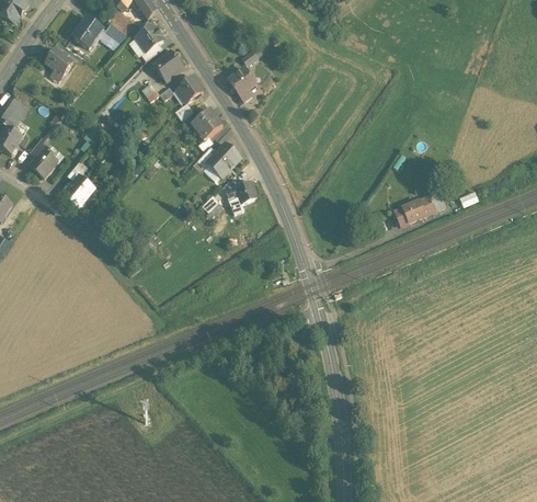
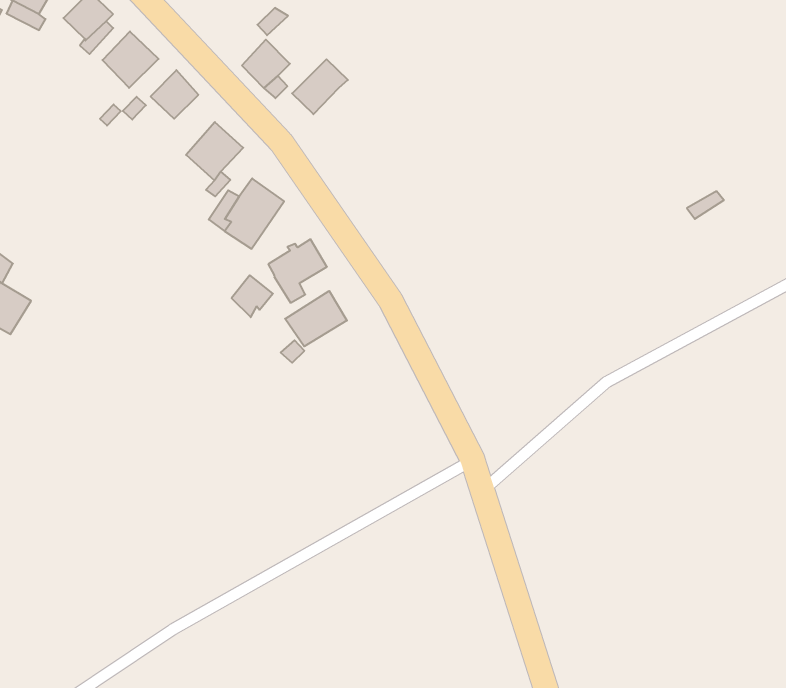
building: none -> [292,59,348,114]
building: [393,190,449,225] -> none
building: none -> [285,291,347,346]

